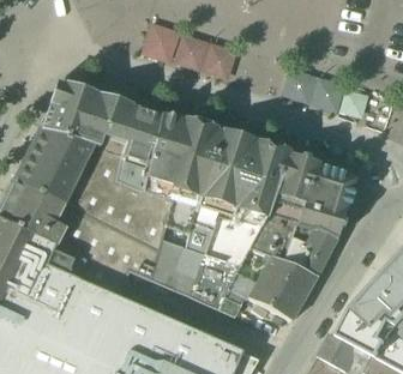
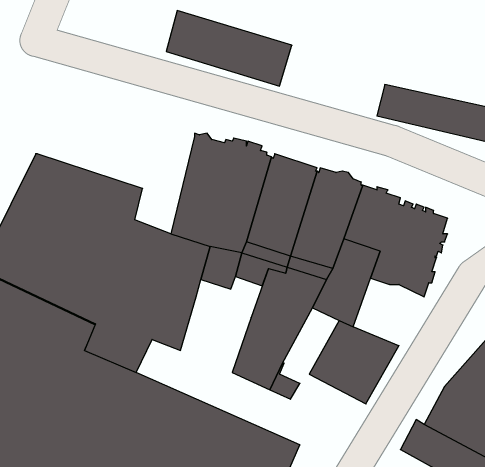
building: [40,84,160,192] -> none
building: [281,225,335,277] -> none
building: [149,240,203,297] -> none

